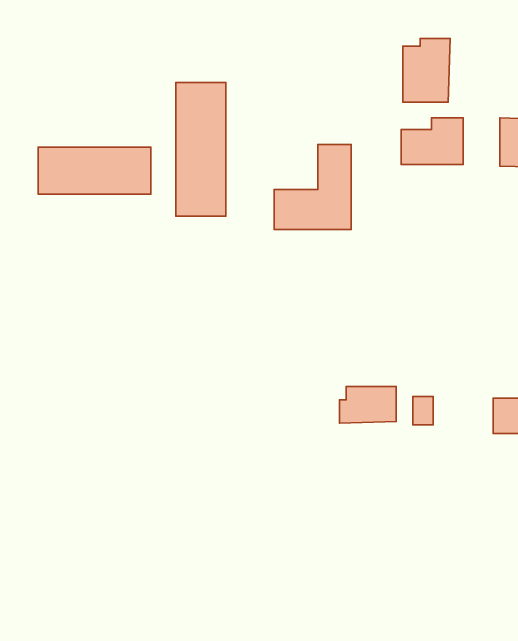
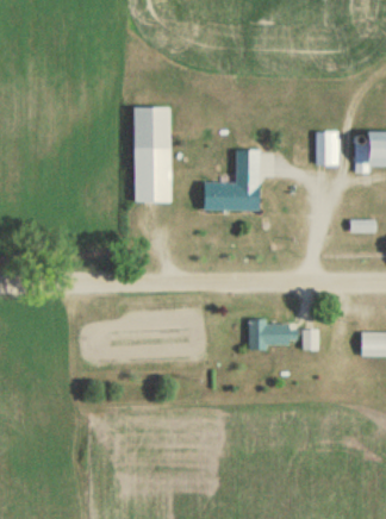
building: [403,39,450,102] -> none
building: [38,147,151,194] -> none

